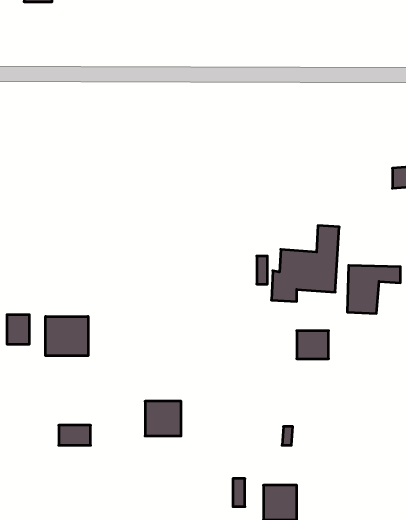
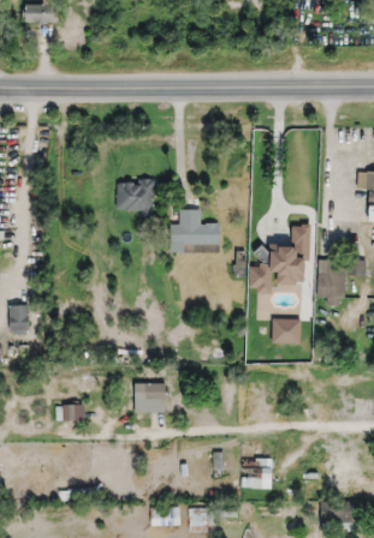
building: none -> [118,179,154,210]
building: none -> [170,208,219,252]
building: [46,316,88,356] -> none

